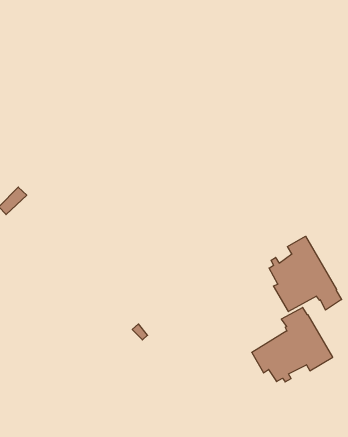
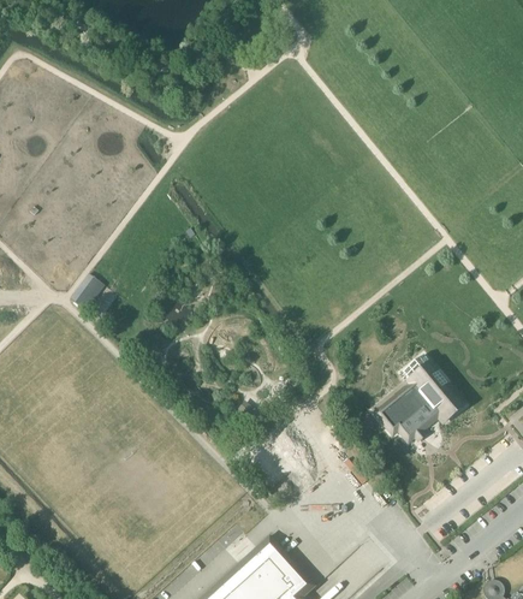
building: [269,236,342,312] -> none

